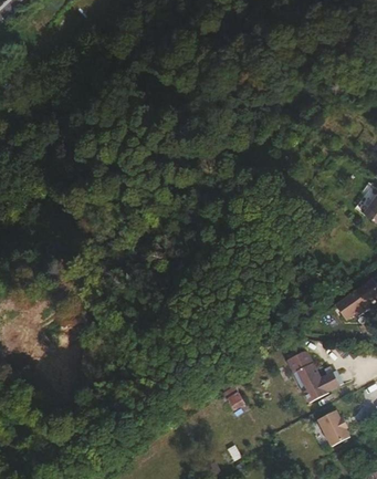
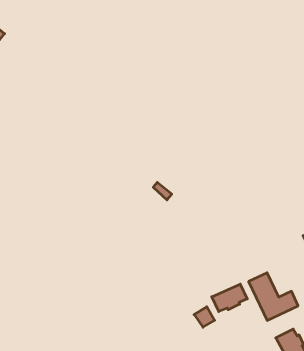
building: none -> [212,284,247,312]

